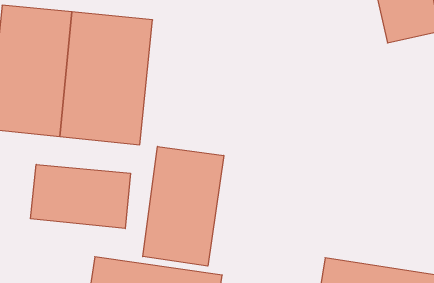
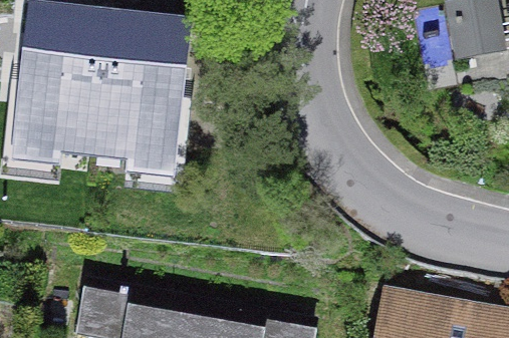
building: [143,146,224,266] -> none
building: [31,164,130,229] -> none

